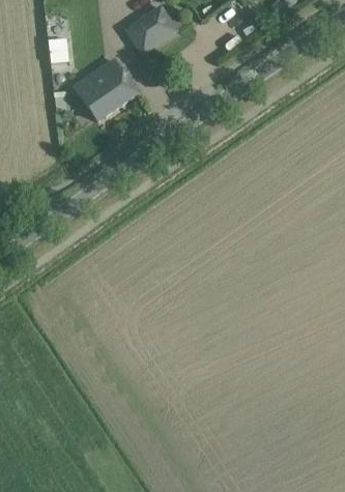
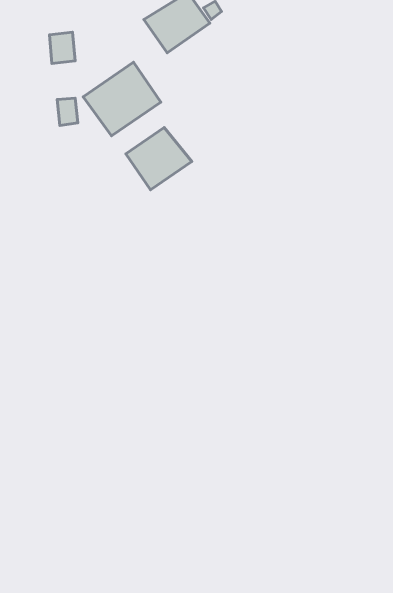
building: none -> [126,128,192,190]

